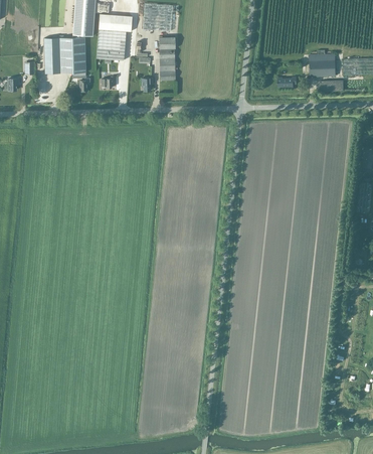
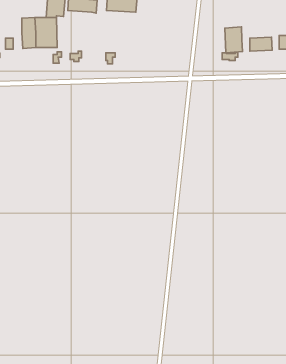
building: [96,29,126,61] -> none
building: [159,37,176,81] -> none
building: none -> [225,27,243,53]

